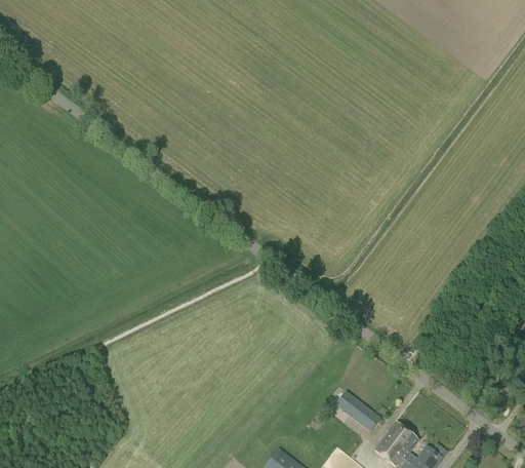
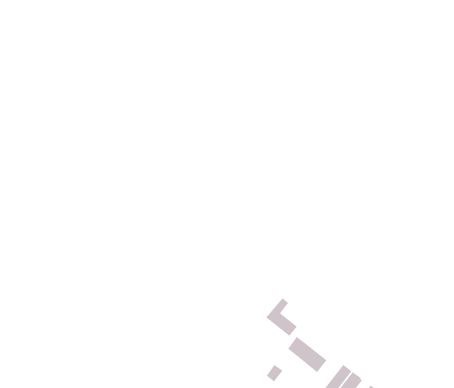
building: none -> [265,297,298,337]

